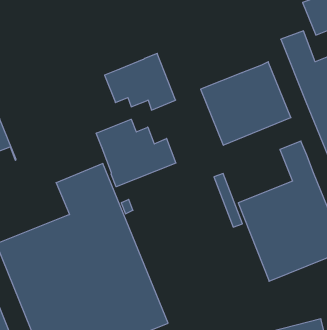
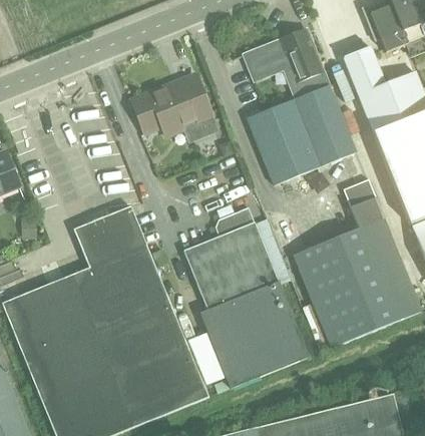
building: none -> [244,27,326,96]
building: [96,119,176,187] -> none
building: none -> [183,206,308,387]

